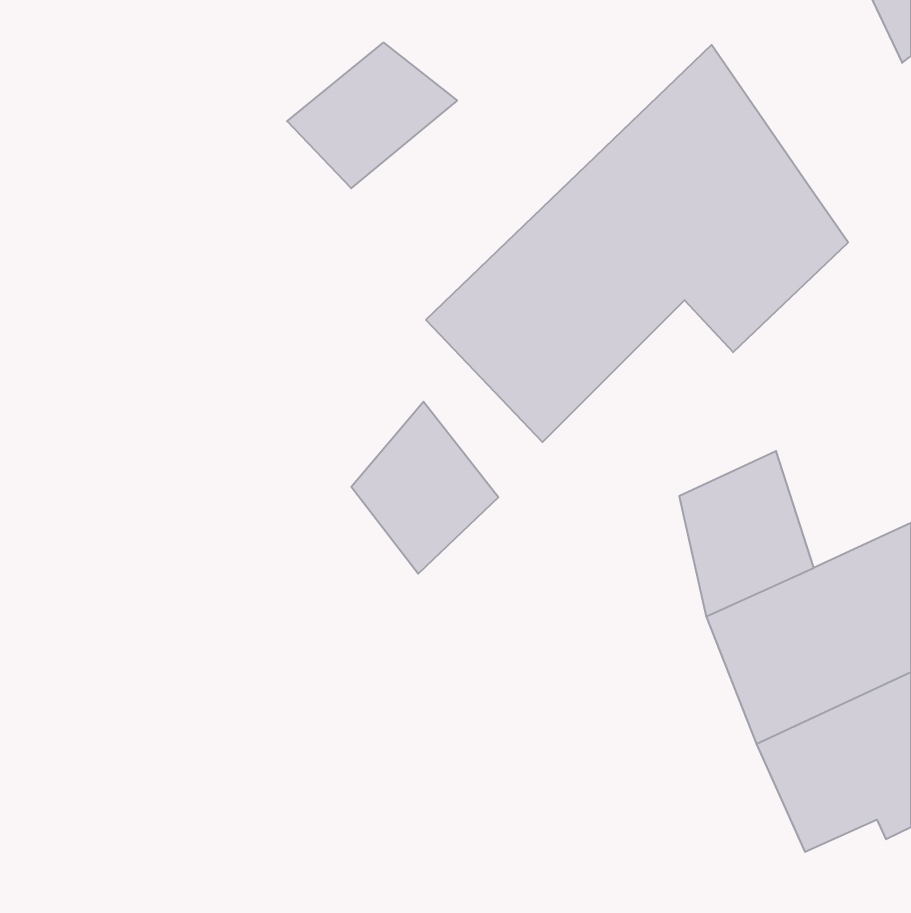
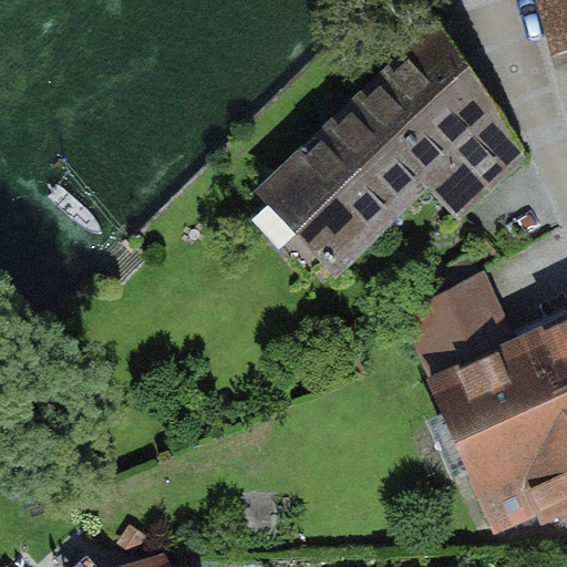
building: [287,43,457,188] -> none
building: [351,402,498,574] -> none

